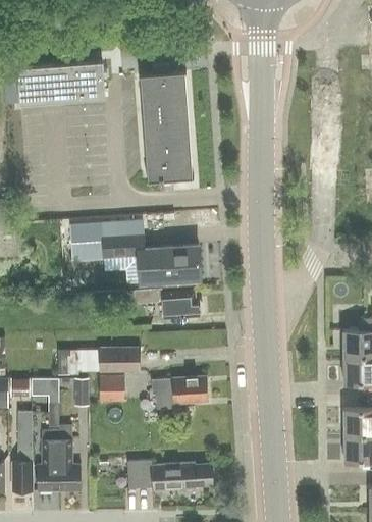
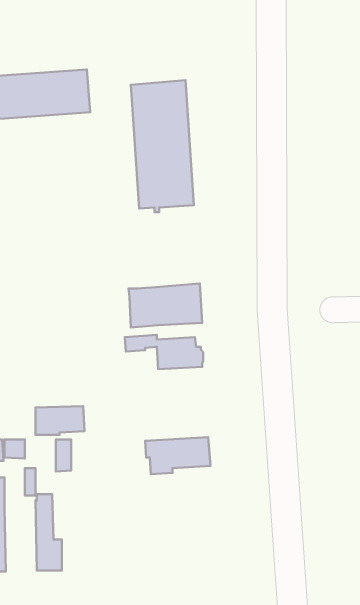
building: [68,220,143,260] -> none
building: [98,347,140,371] -> none
building: [100,375,123,401] -> none
building: [36,430,58,490] -> none
building: [126,461,212,490] -> none

